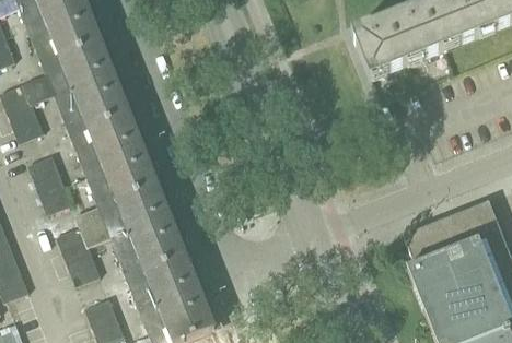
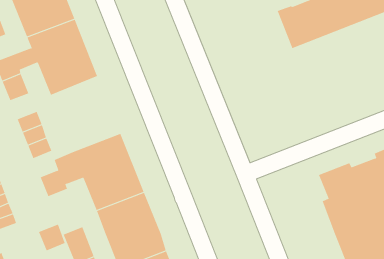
building: [69,109,156,203] -> none
building: [66,249,100,283] -> [38,224,66,251]

